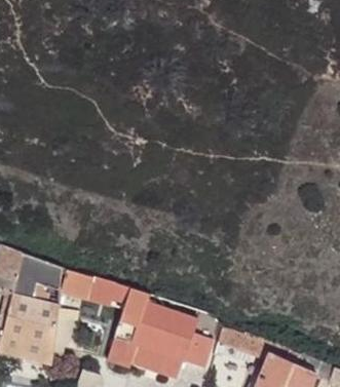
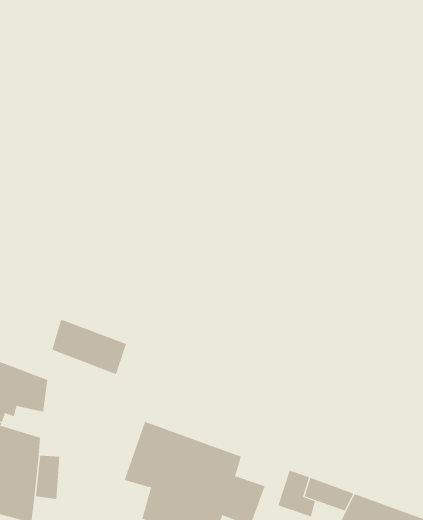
building: [63,268,115,307] -> [52,319,127,375]

